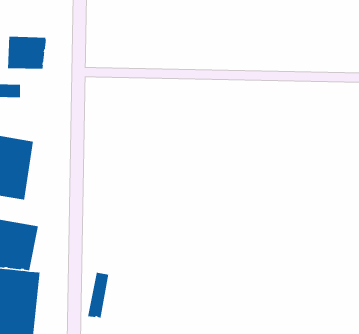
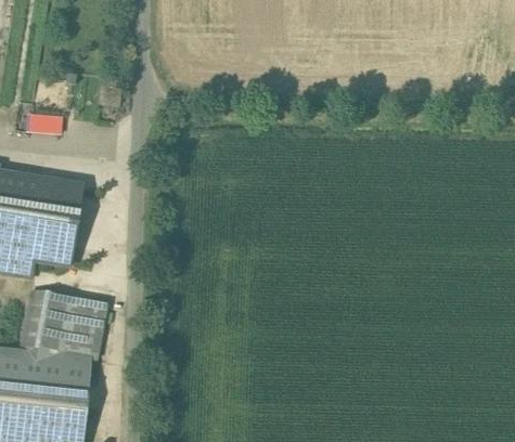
building: [7,36,47,69] -> none
building: [87,272,109,319] -> [75,298,104,360]

